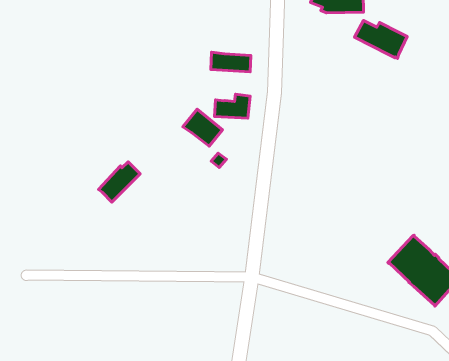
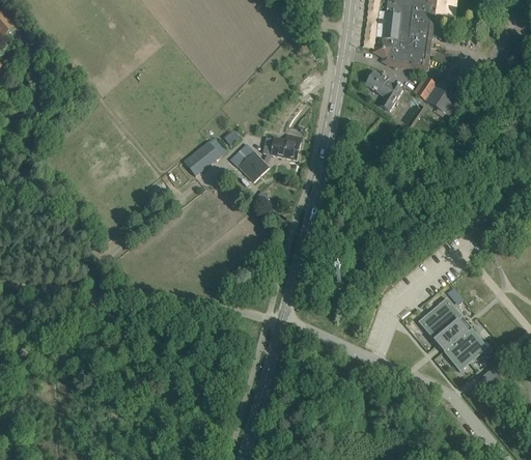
building: none -> [365,70,402,110]
building: [211,52,251,72] -> none
building: [99,162,140,202] -> [183,137,226,175]

